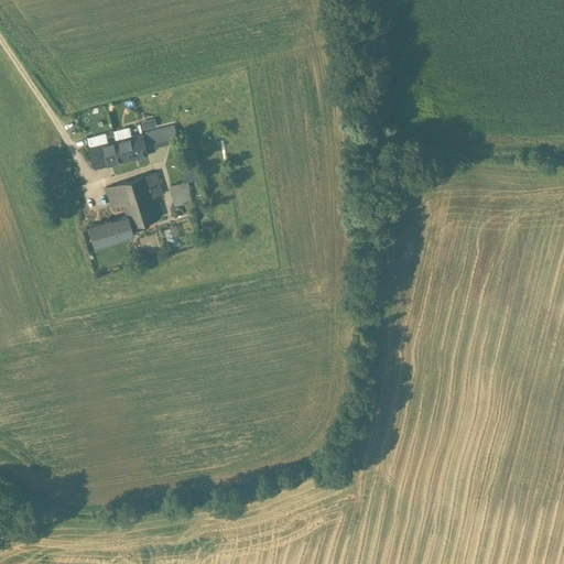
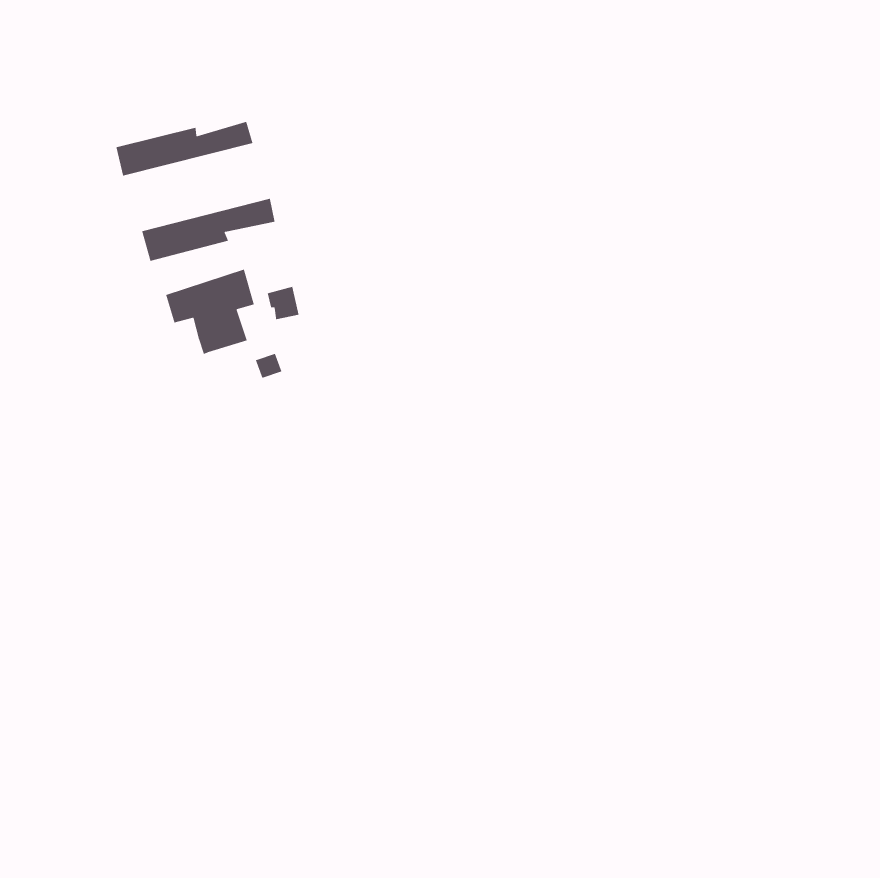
building: none -> [116,121,253,177]
building: [89,218,133,247] -> none

